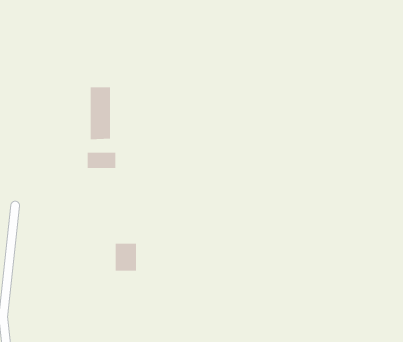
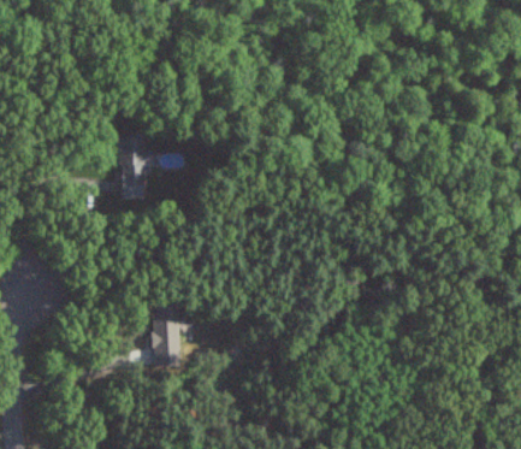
building: [87,152,116,169] -> none

